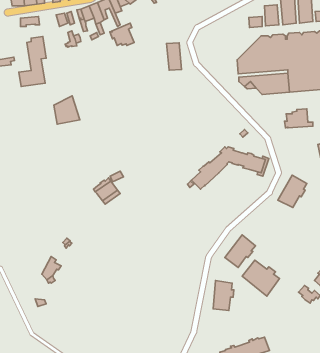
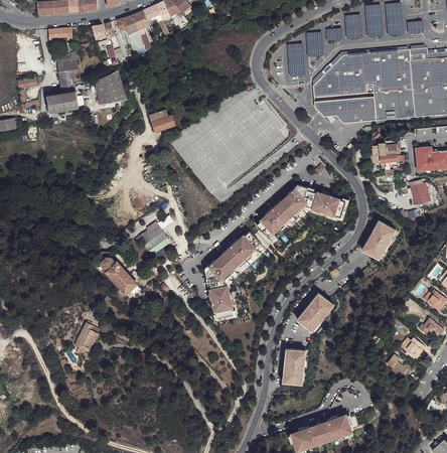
building: none -> [306,32,323,56]
building: [110,23,134,46] -> none
building: [167,43,182,70] -> [287,43,305,77]
building: none -> [148,109,175,134]
building: [54,96,80,124] -> [96,70,127,105]
building: none -> [205,233,260,318]
building: none -> [94,253,142,301]
building: [242,260,279,296] -> none

